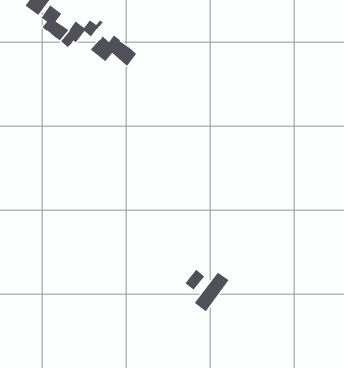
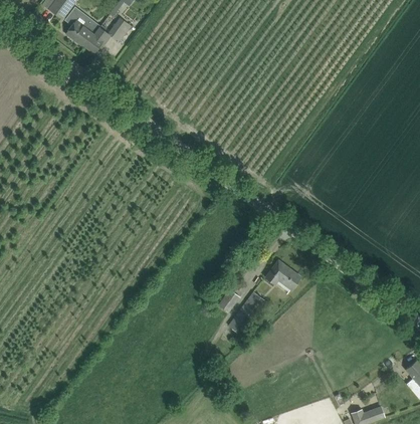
building: [90,35,137,66] -> none
building: none -> [265,259,299,297]

